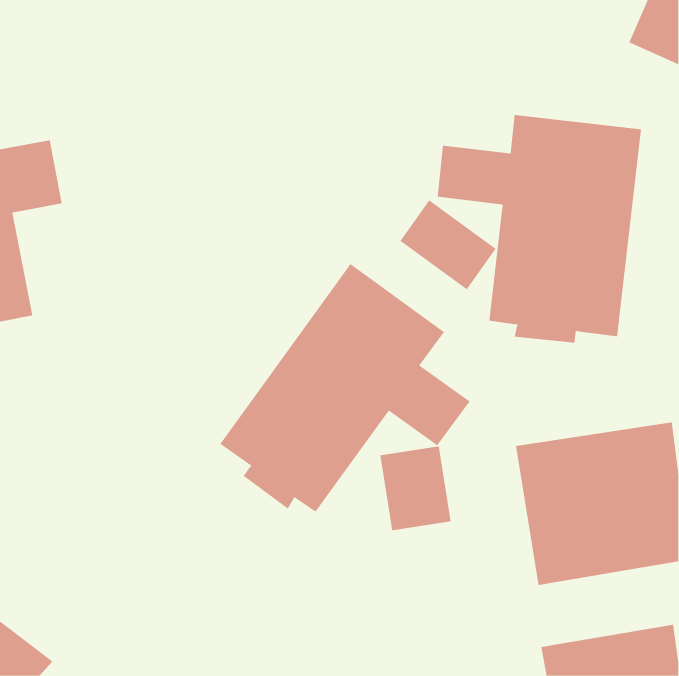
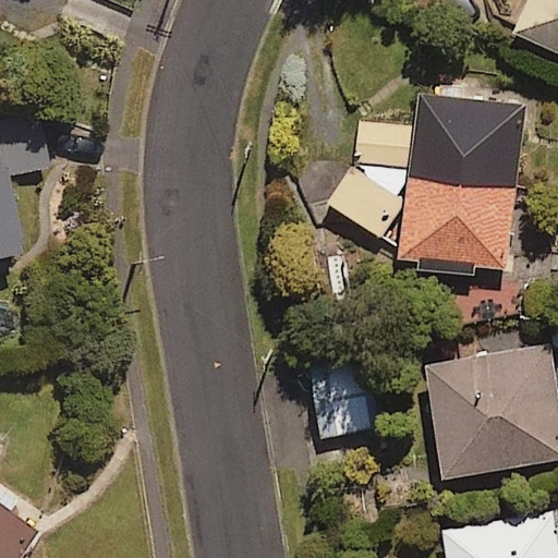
building: [219,263,471,512] -> none

